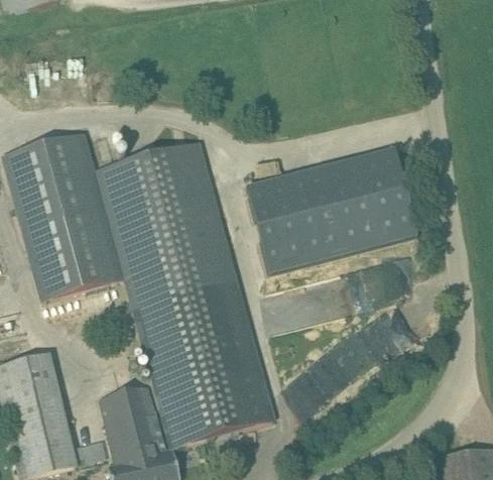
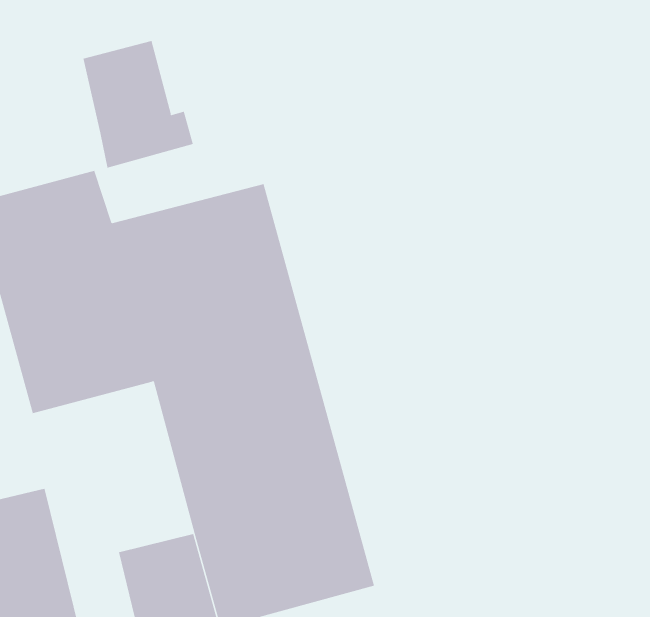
building: none -> [83,40,194,169]
building: [245,146,417,271] -> none

